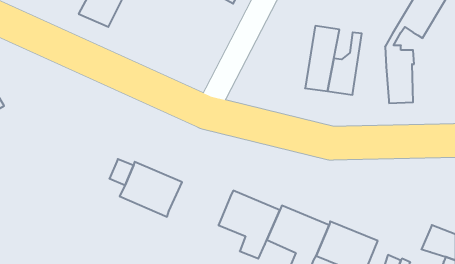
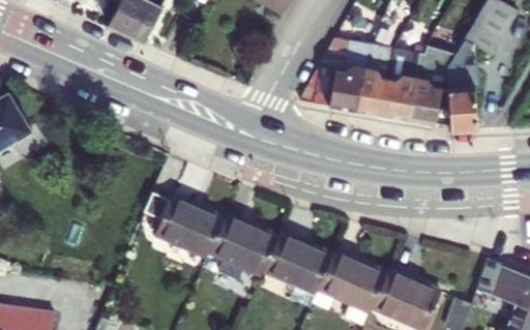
building: none -> [317,40,373,114]
building: none -> [414,53,454,127]
building: none -> [210,212,278,272]

